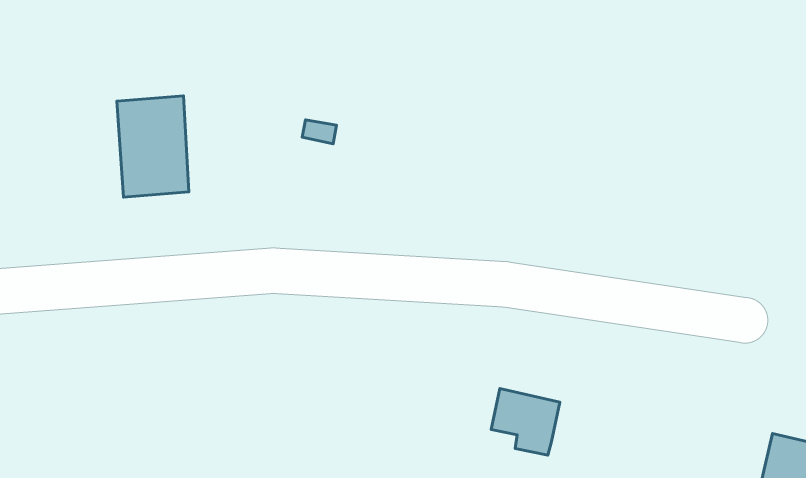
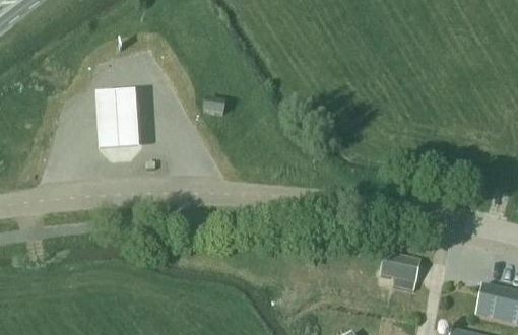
building: [491,388,560,455] -> [380,250,420,289]

